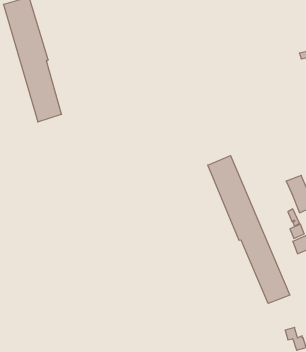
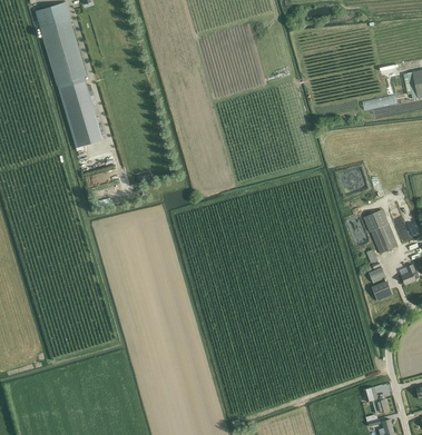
building: [208,156,290,303] -> none

